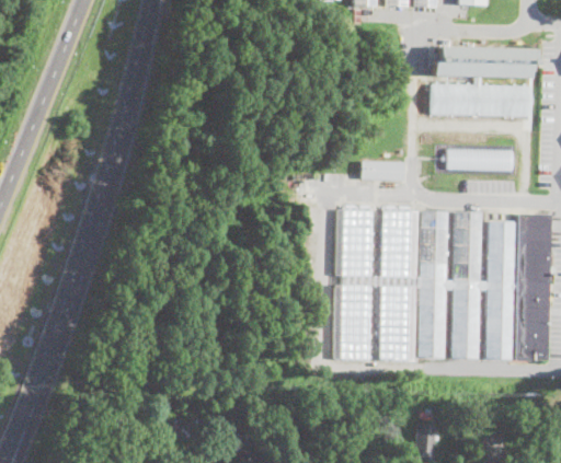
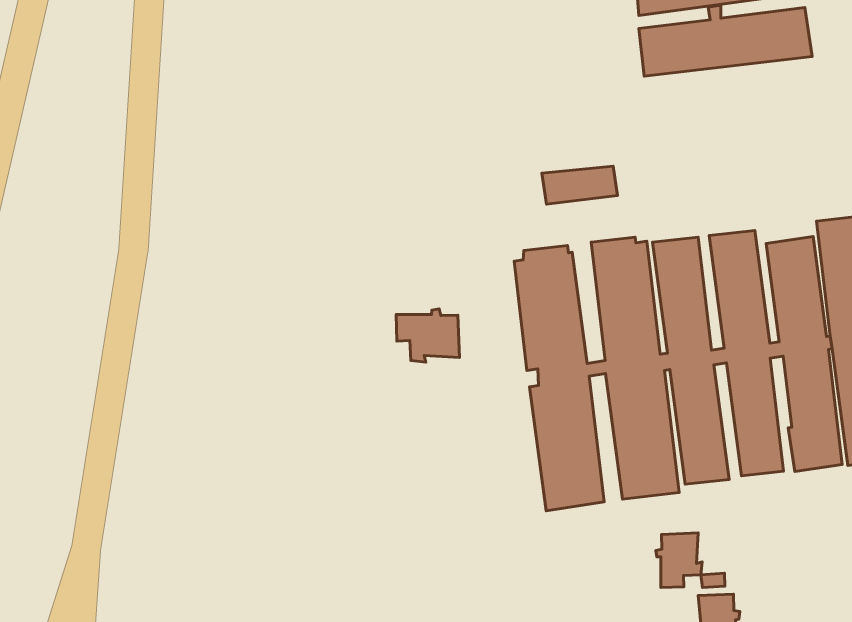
building: [447,148,513,170] -> none
building: none -> [396,309,460,362]
building: none -> [656,533,702,588]

